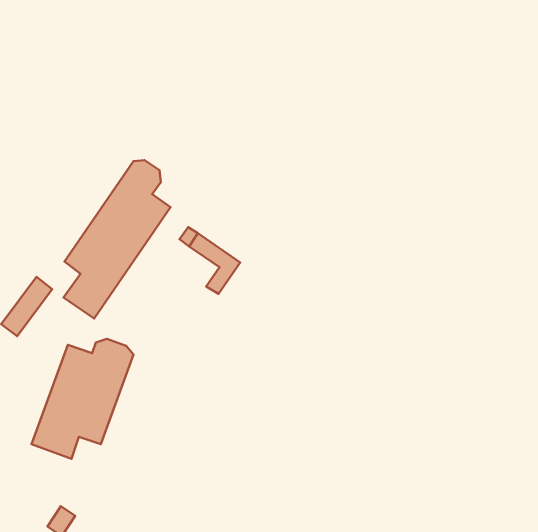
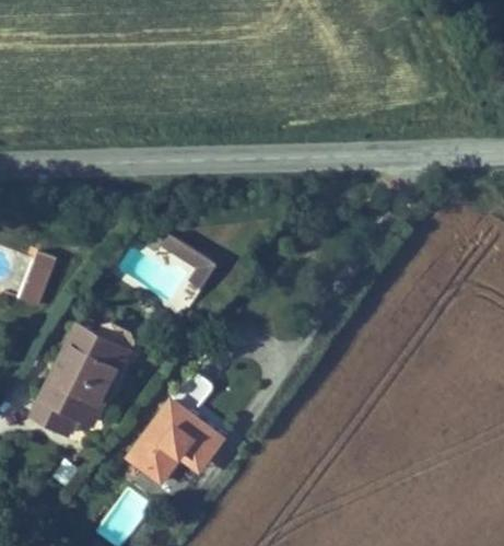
building: [64,160,170,319] -> none
building: none -> [132,370,225,477]

